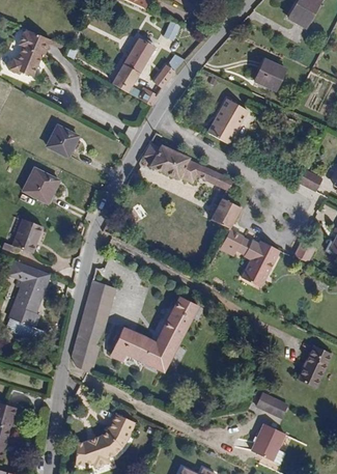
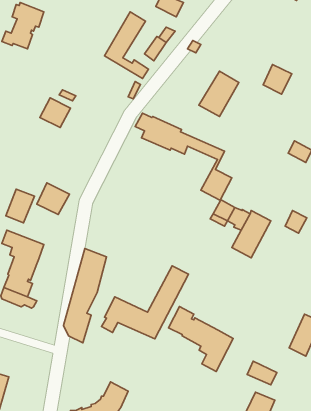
building: [256,59,285,89] -> [263,64,292,94]
building: [24,169,57,201] -> [37,183,70,215]
building: none -> [169,307,233,371]

